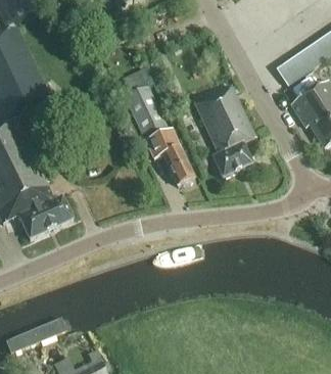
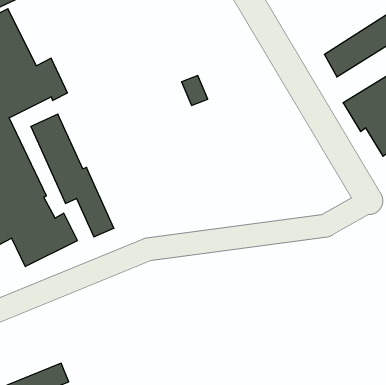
building: [126,84,194,185] -> [31,114,114,237]
building: [194,86,255,178] -> none

